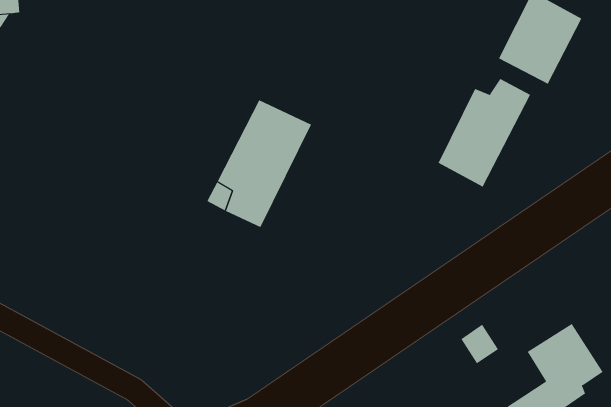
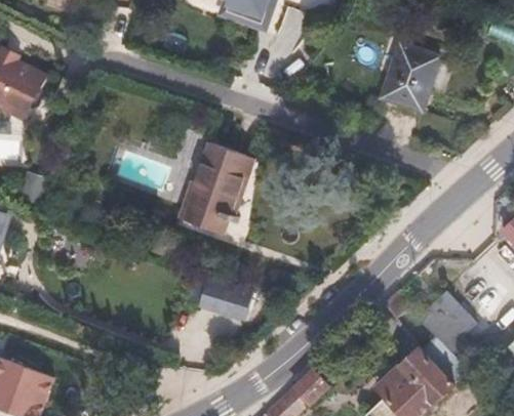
building: [438,78,531,188] -> none
building: none -> [194,278,249,322]

